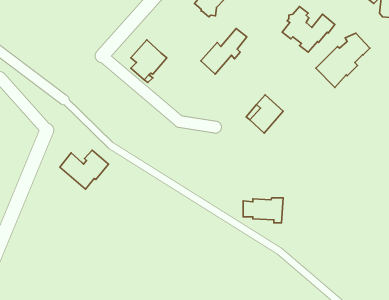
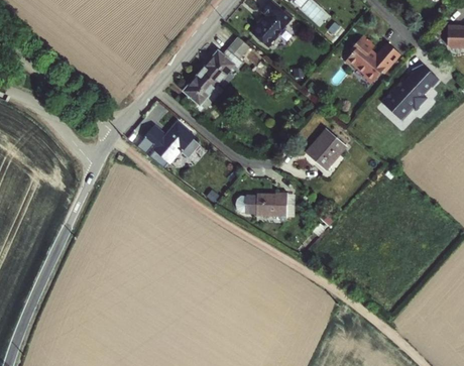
building: [201,28,247,74] -> [202,36,250,85]
building: [60,150,108,189] -> [143,121,195,162]
building: [243,198,283,223] -> [246,192,288,218]

